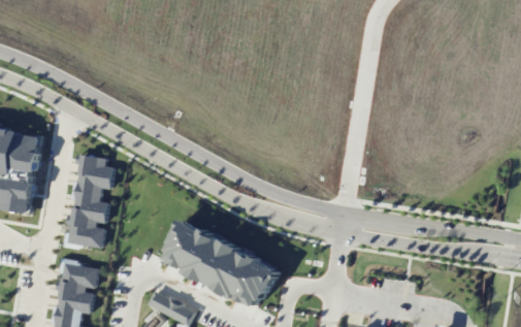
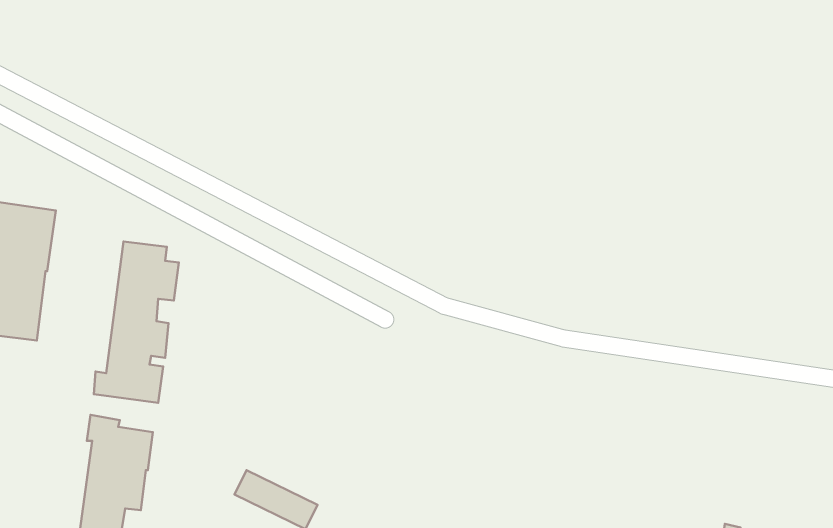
building: [162,222,279,306] -> none

